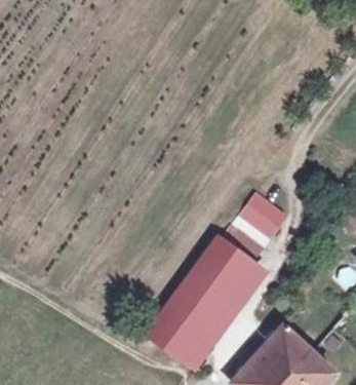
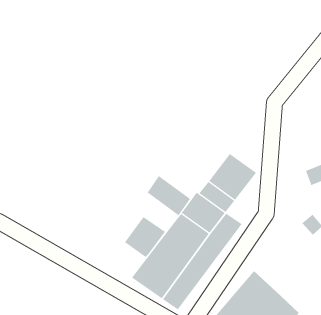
building: none -> [147,175,191,216]
building: none -> [124,216,166,258]

